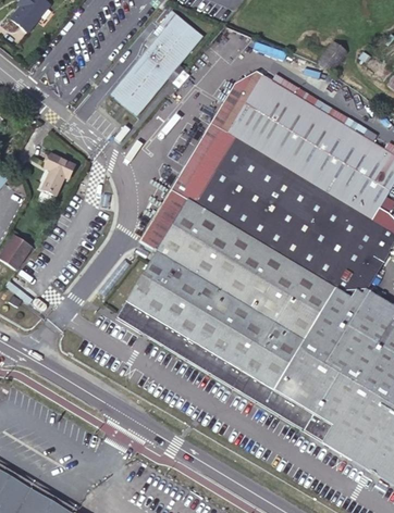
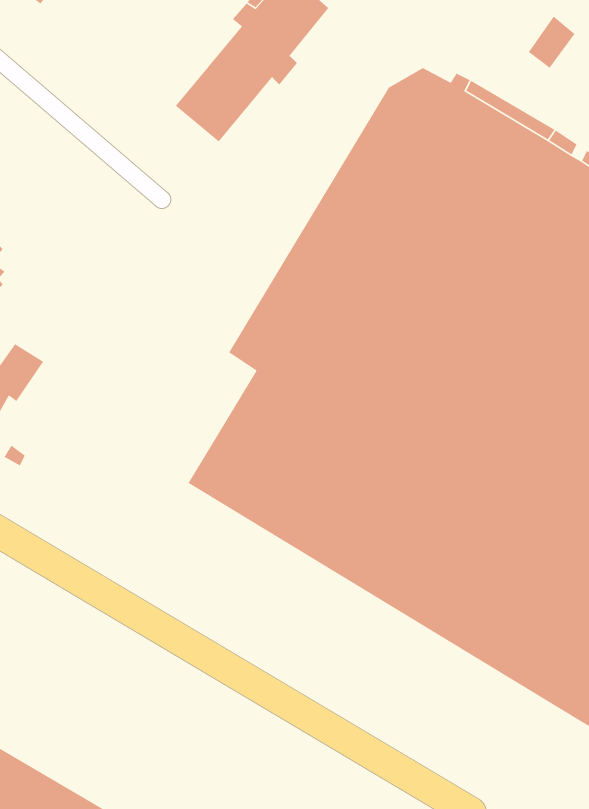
building: [42,153,74,193] -> none

